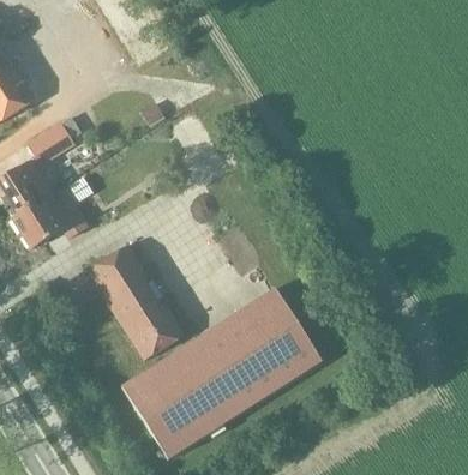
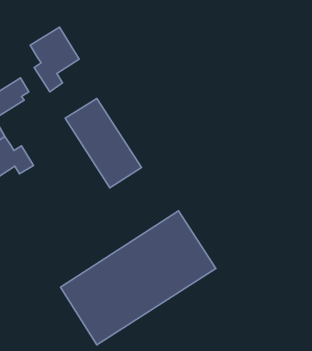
building: none -> [30,27,79,92]
building: [88,243,186,359] -> [65,98,142,188]

